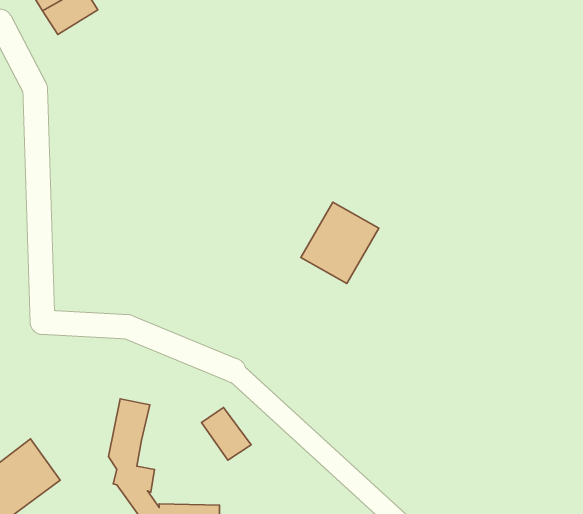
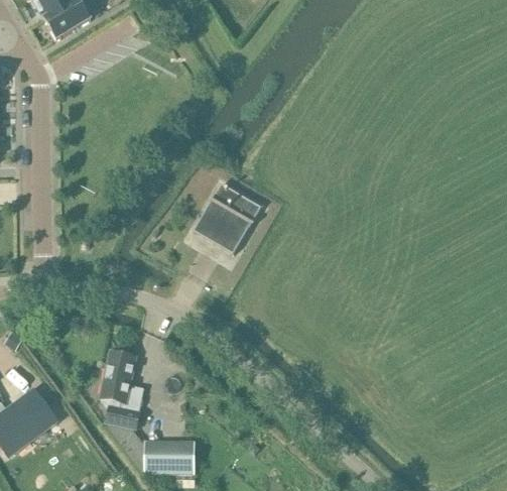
building: [301,202,379,284] -> [195,181,261,251]
building: [202,408,251,460] -> none

